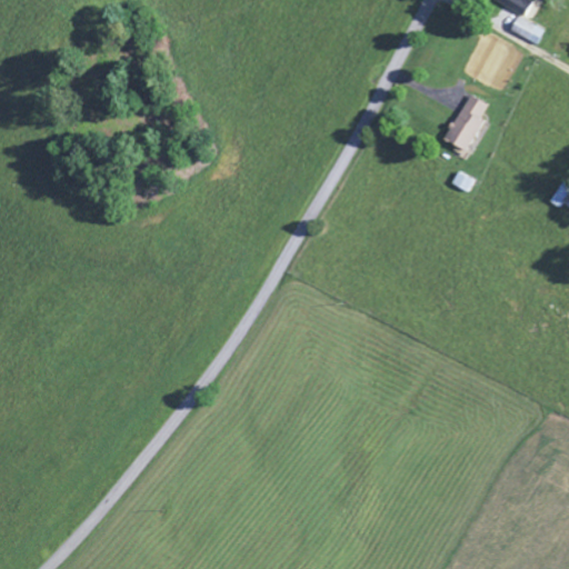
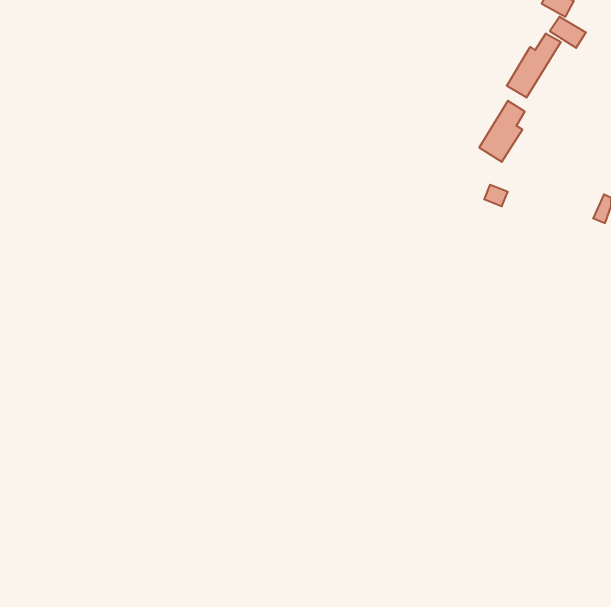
building: none -> [507,33,561,98]

